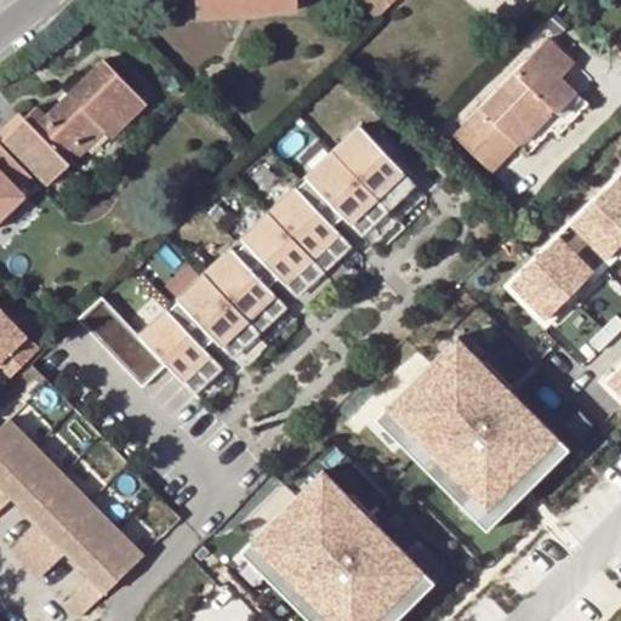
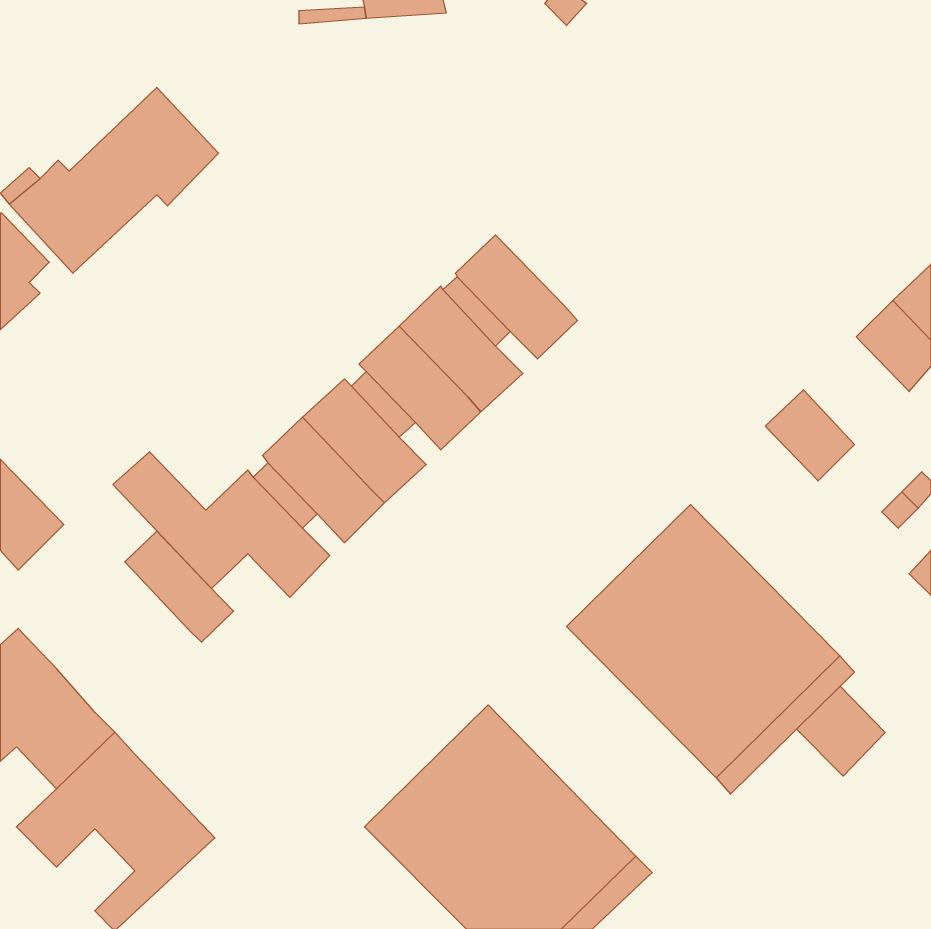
building: [455,38,576,170] -> none
building: [330,130,411,213] -> none
building: [535,235,594,296] -> none
building: none -> [125,531,234,642]
building: none -> [797,686,885,776]

